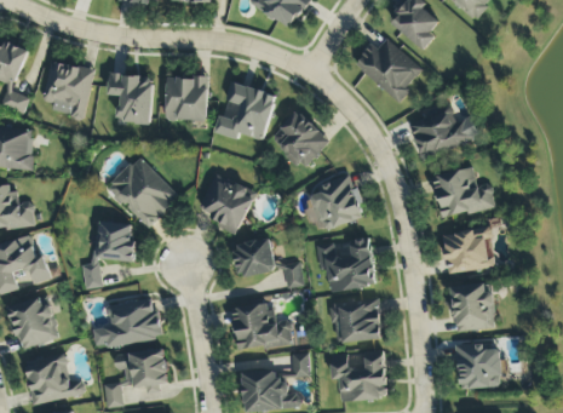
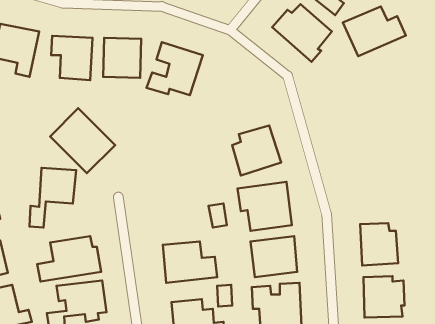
building: [407,104,477,160] -> [343,6,406,56]
building: [269,109,329,168] -> none
building: [431,166,495,217] -> none
building: [197,172,251,234] -> none
building: [441,225,495,273] -> none
building: [232,236,275,277] -> none

